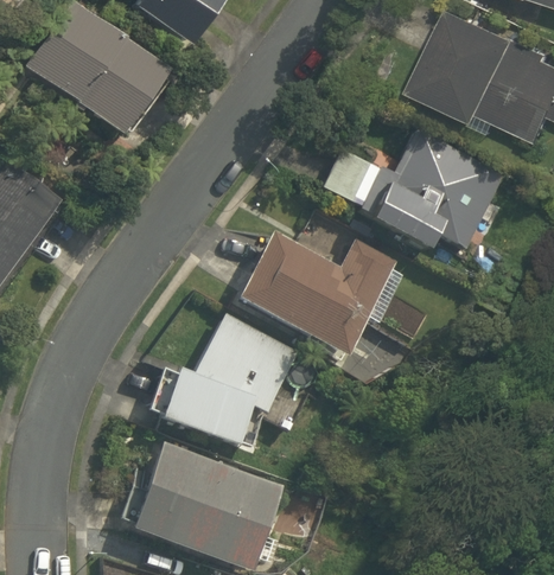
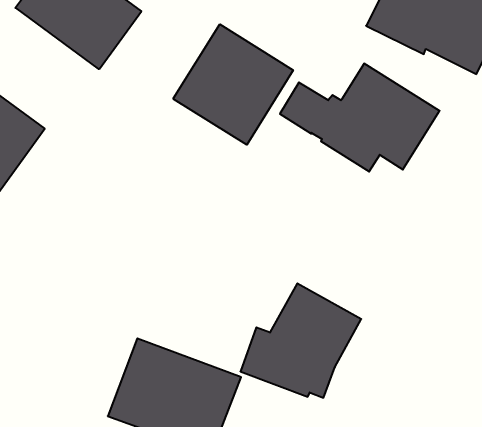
building: none -> [173,24,293,145]
building: [236,230,403,357] -> none
building: [160,319,297,448] -> [240,283,361,398]

